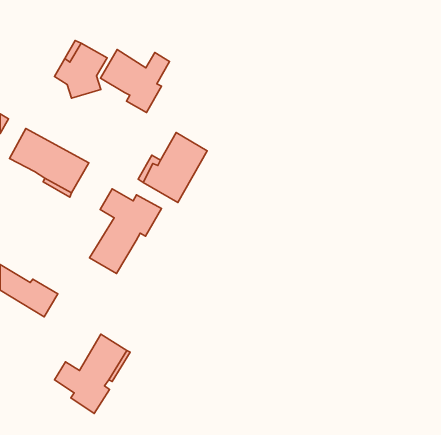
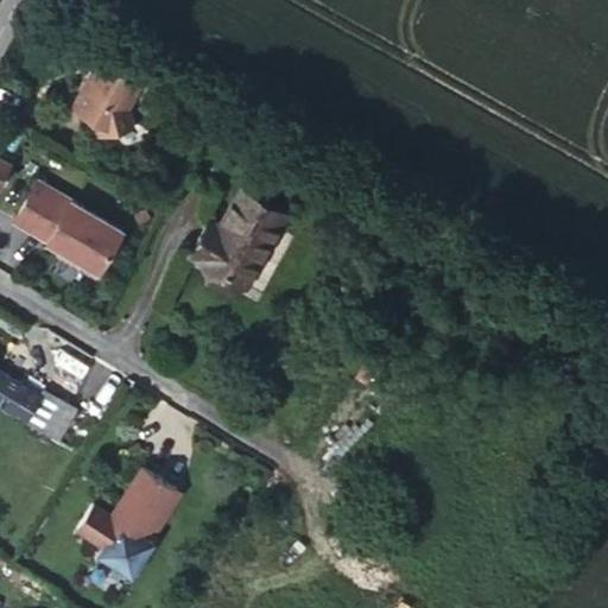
building: [101,50,170,113] -> none
building: [90,189,162,274] -> none

